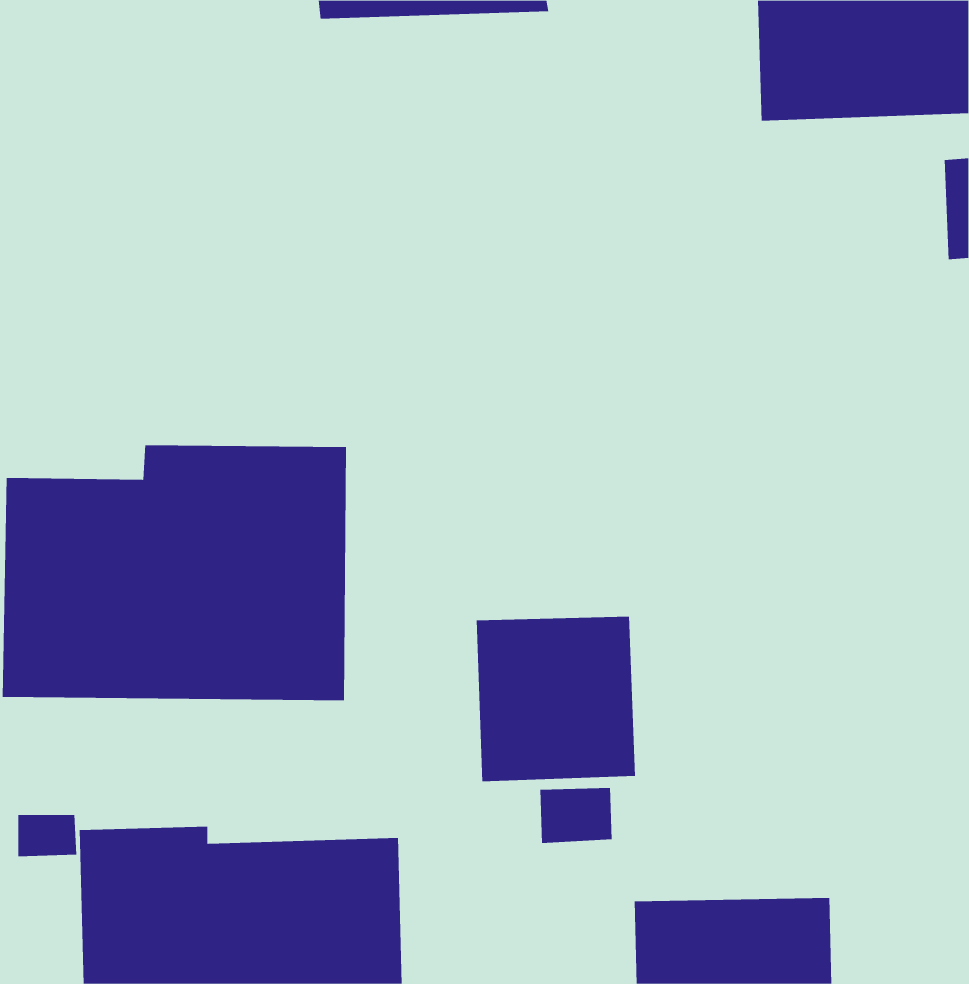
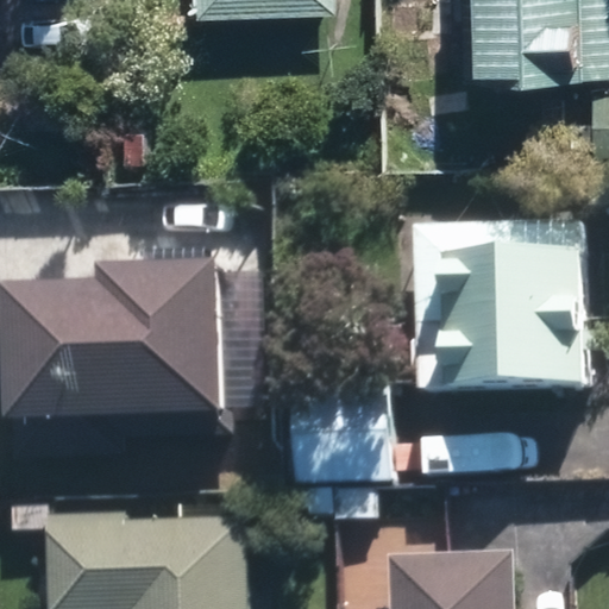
building: none -> [416,218,590,393]

